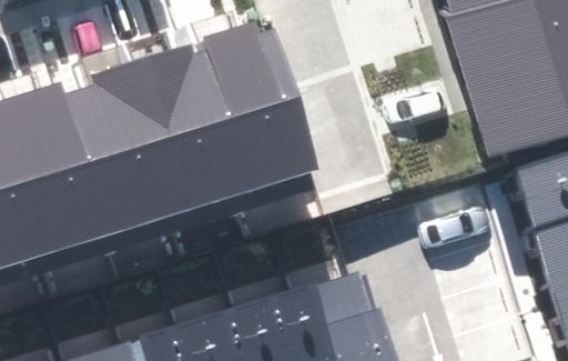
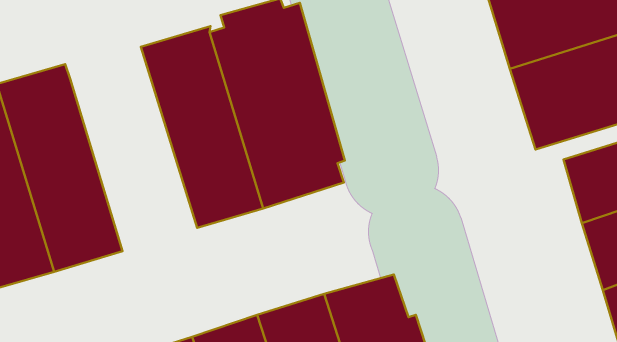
building: [65,61,181,247] -> none

